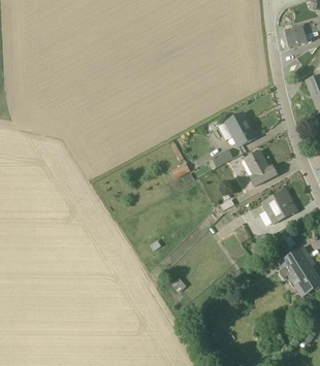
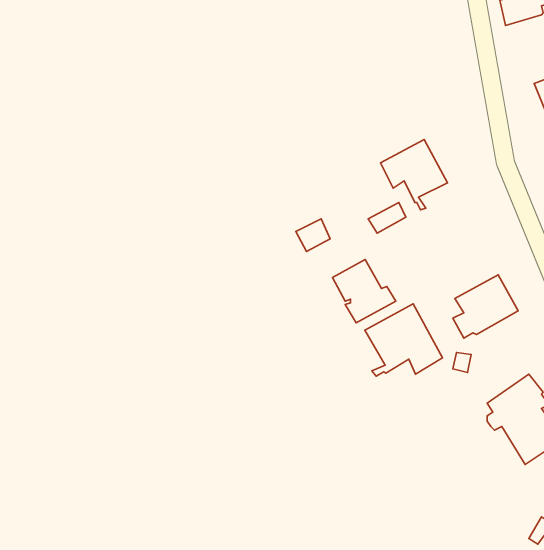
building: [241,151,277,187] -> [333,259,396,323]
building: none -> [365,304,443,376]

